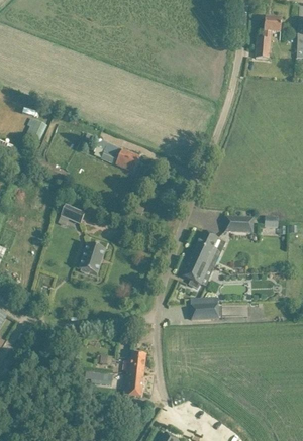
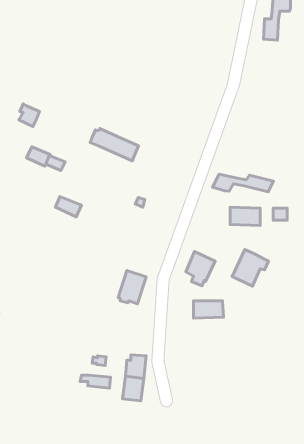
building: none -> [212,174,273,192]
building: [190,229,224,263] -> [232,249,269,286]
building: [78,241,104,272] -> [118,271,146,304]

